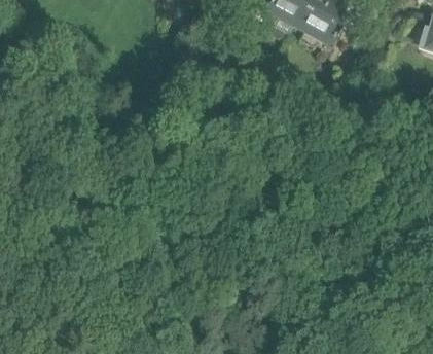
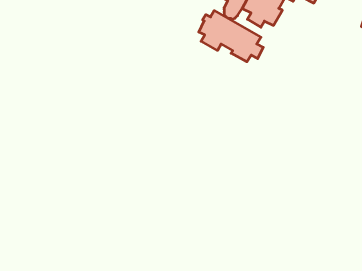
building: none -> [199,11,263,62]

